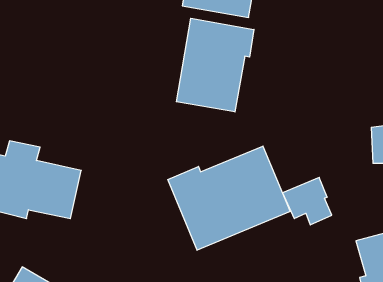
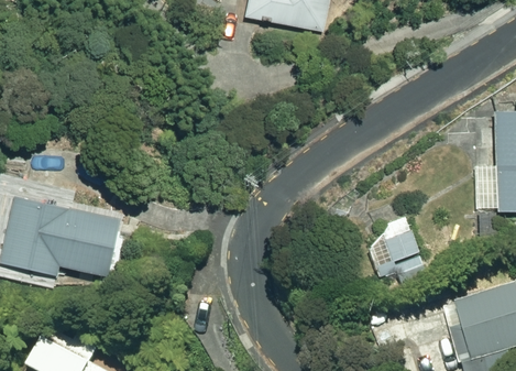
building: [176,18,254,112] -> none
building: [168,146,290,250] -> none

